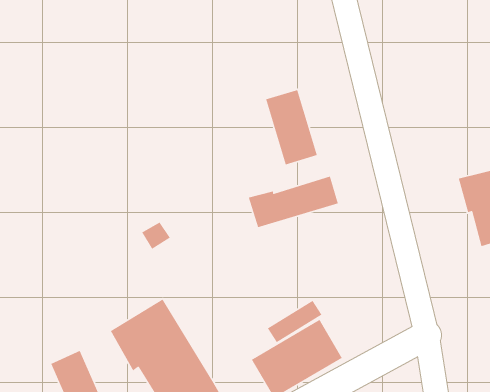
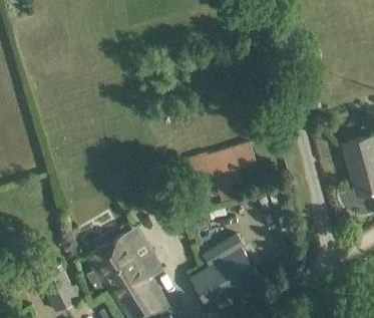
building: [265,89,318,165] -> none

